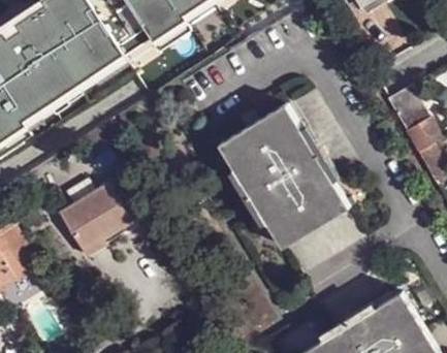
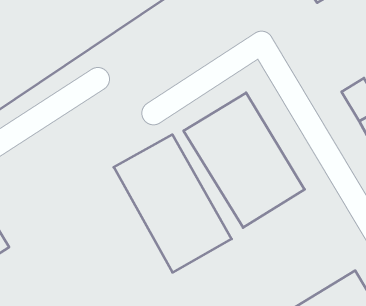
building: none -> [114,135,232,272]
building: [60,186,132,253] -> none

